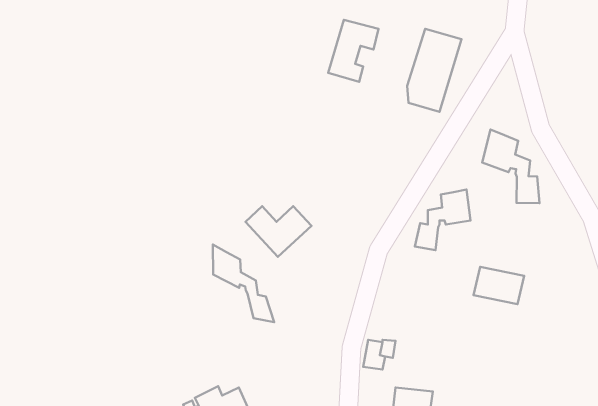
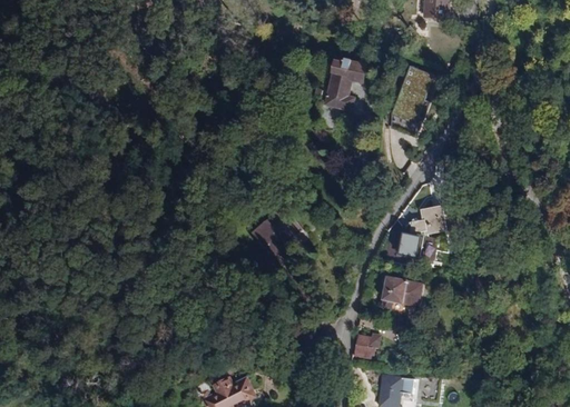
building: [482,129,540,203] -> none
building: [213,244,274,322] -> none
building: [474,267,524,304] -> [380,276,423,308]

